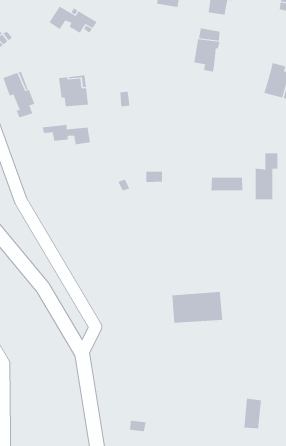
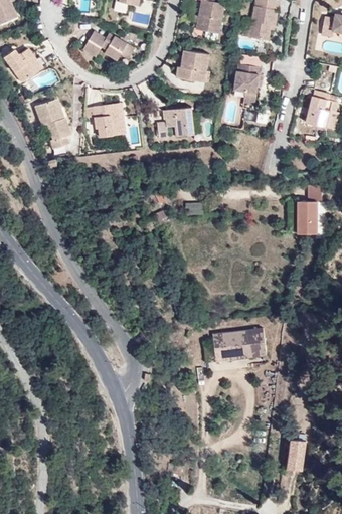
building: none -> [176,49,208,80]
building: none -> [163,106,194,134]
building: [42,124,90,145] -> none
building: [211,177,243,191] -> none

